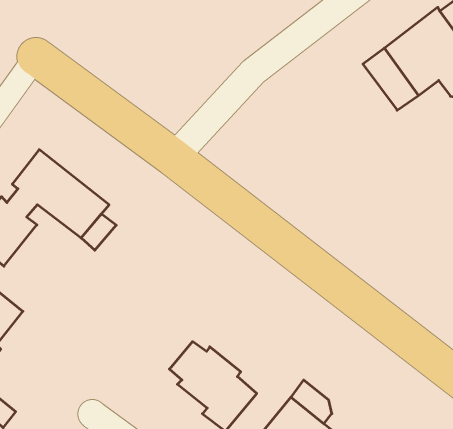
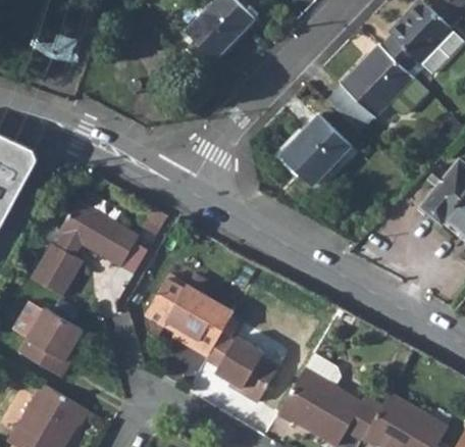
building: none -> [277,111,349,184]
building: none -> [148,276,236,357]

